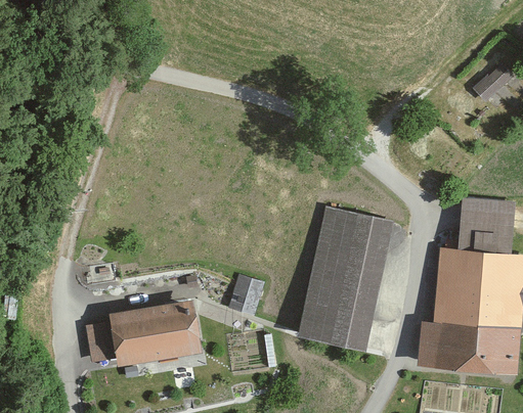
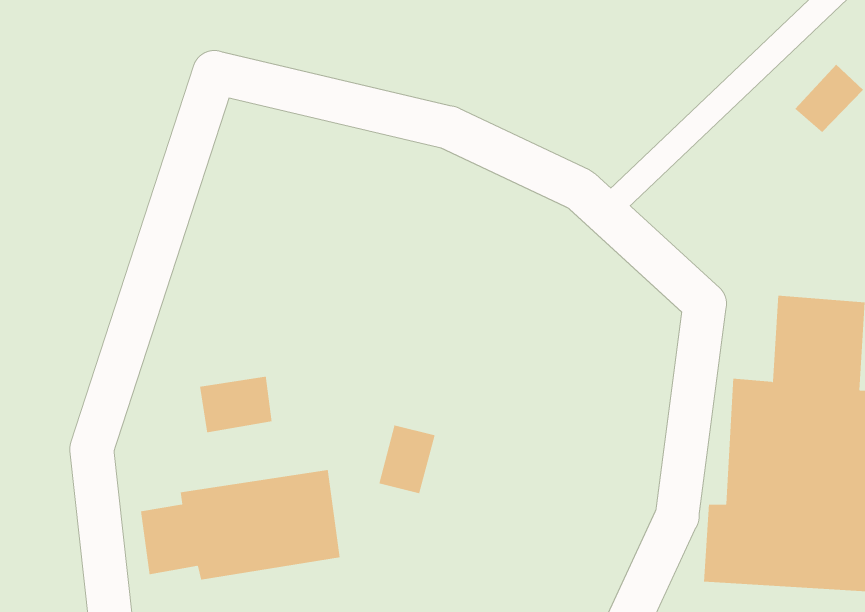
building: [299,204,392,350] -> none
building: none -> [199,376,272,433]

